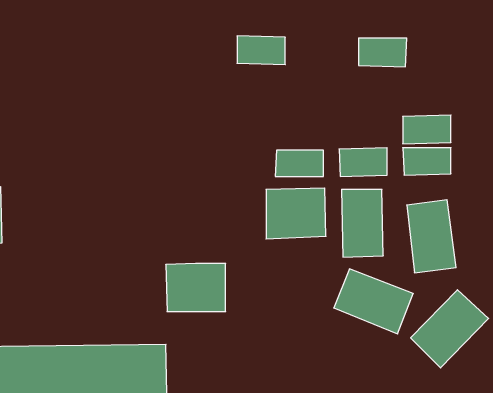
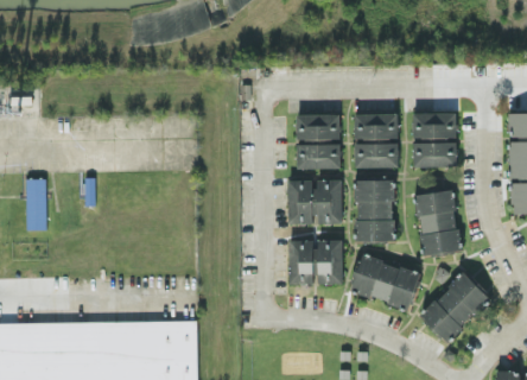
building: [237,36,285,65] -> [296,114,339,140]
building: [359,38,407,67] -> [354,114,398,140]
building: [166,263,226,312] -> [287,240,342,284]

